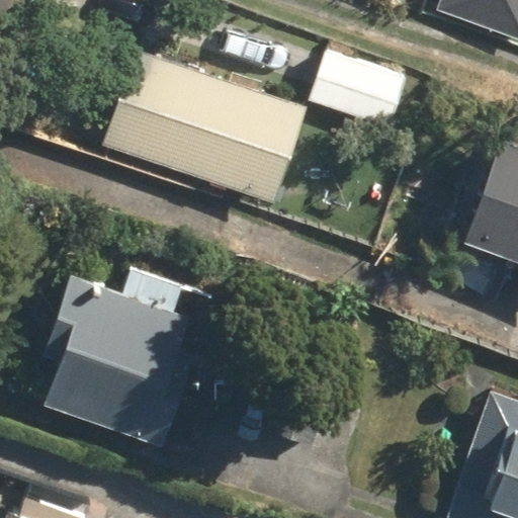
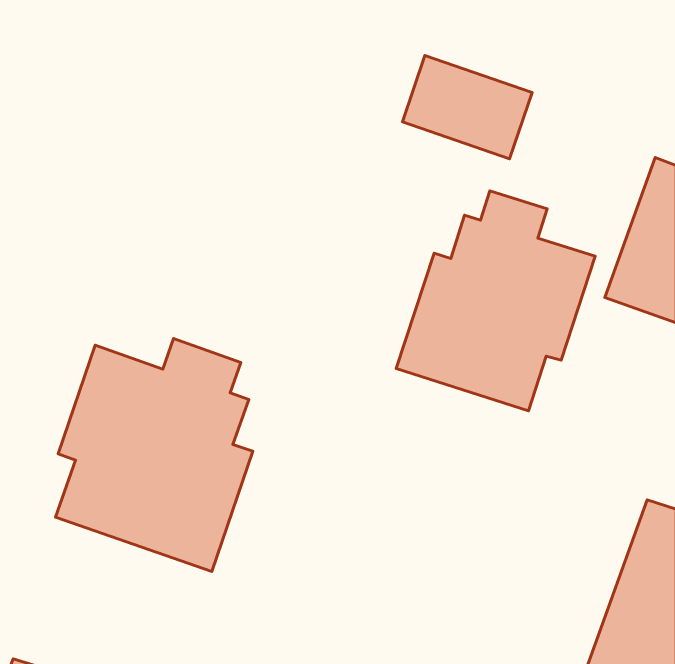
building: [102,52,308,204] -> none
building: none -> [396,191,595,411]

